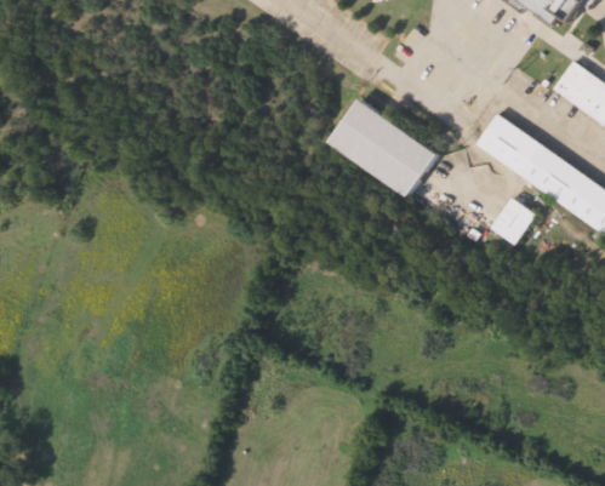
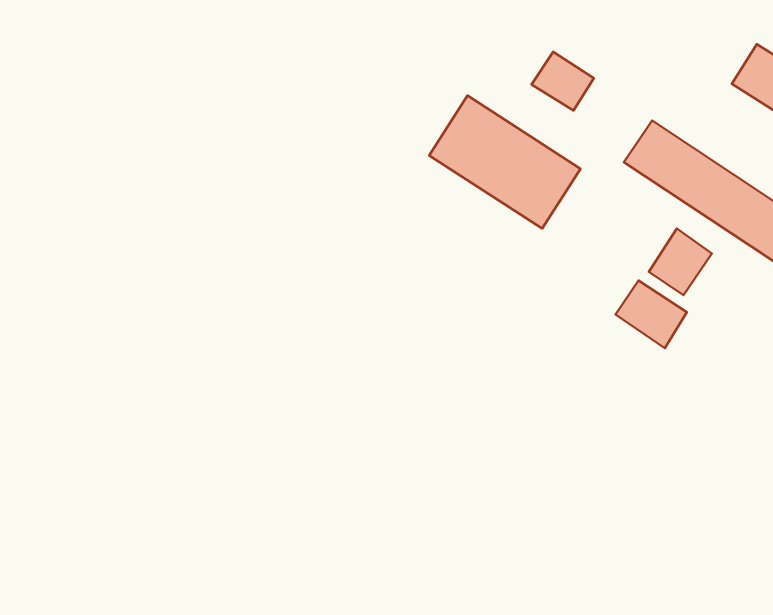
building: none -> [531,52,594,110]
building: none -> [616,280,687,348]

